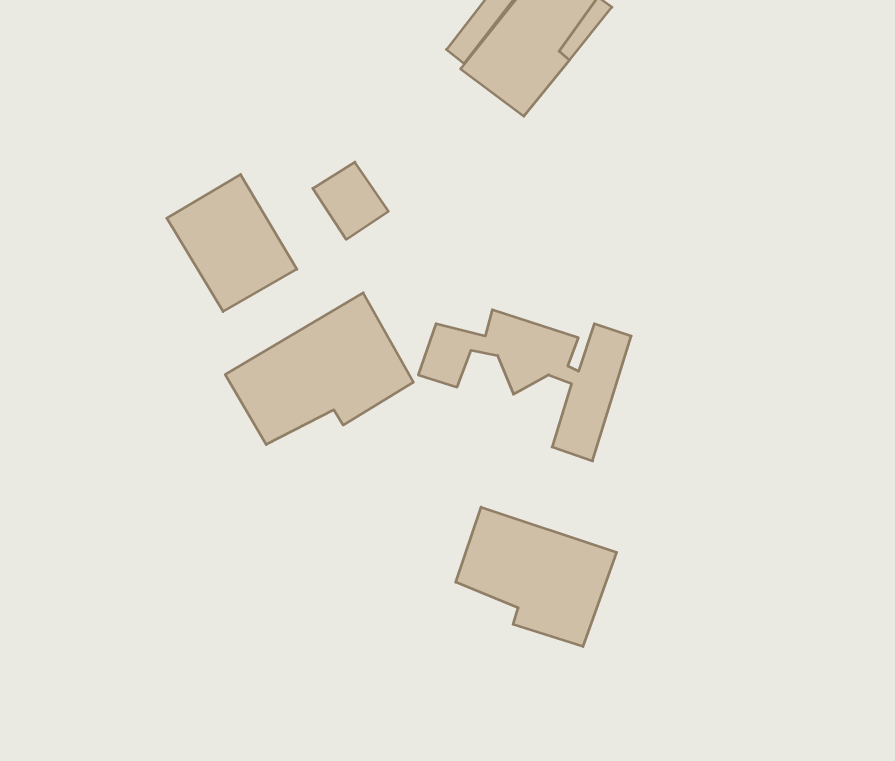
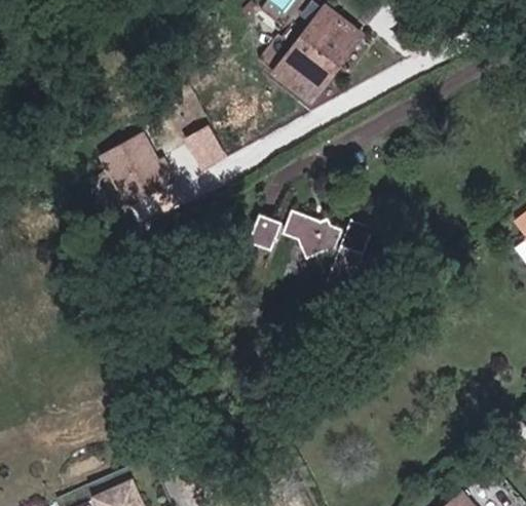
building: [225,293,413,445] -> none
building: [456,507,617,647] -> none

